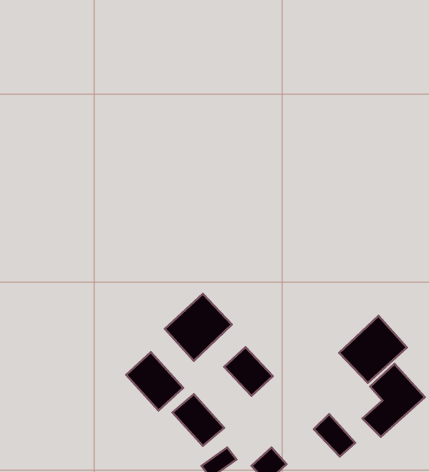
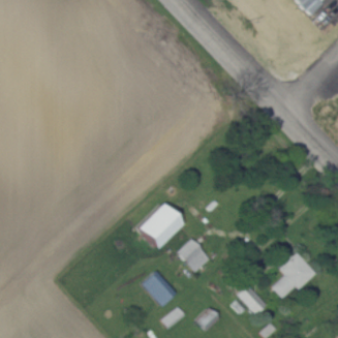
building: [339,316,407,383] -> none
building: [126,352,183,411] -> none

